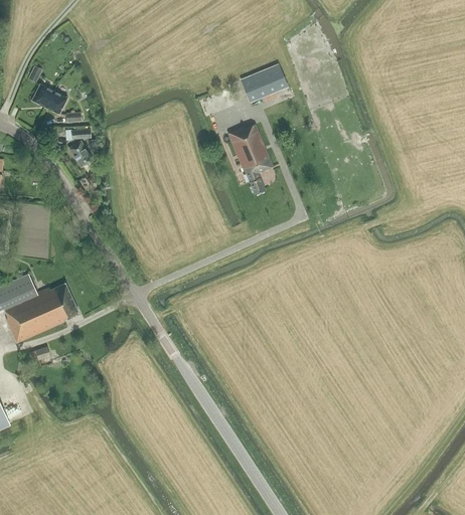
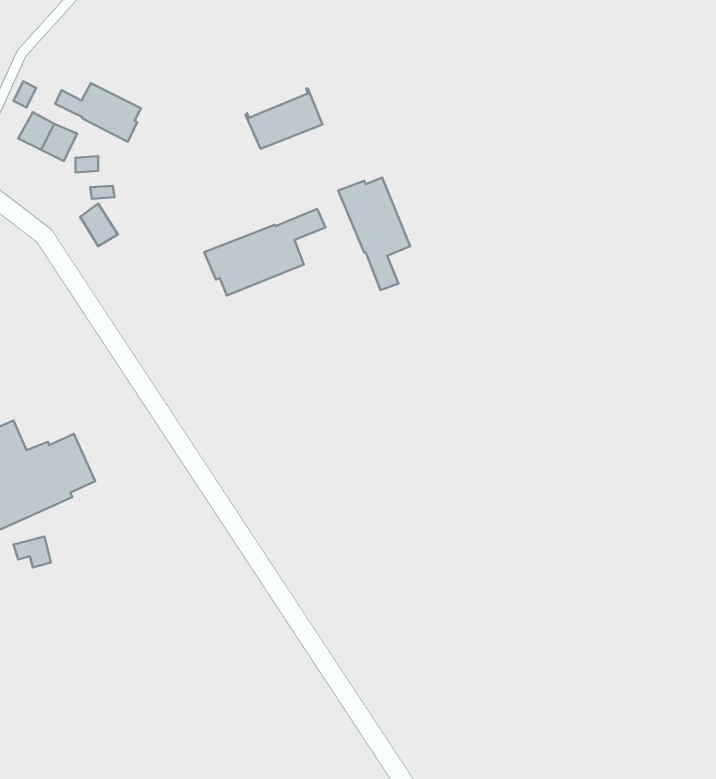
building: [240,63,287,101] -> [246,89,322,149]
building: none -> [55,83,141,142]
building: none -> [204,209,326,296]

